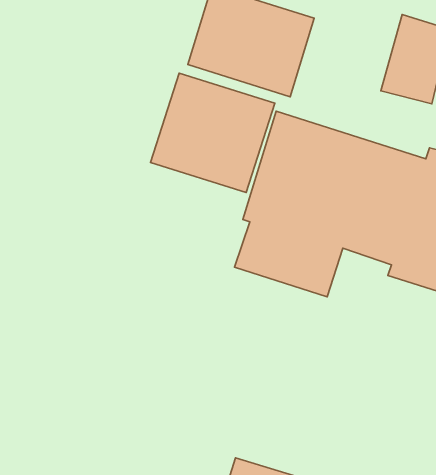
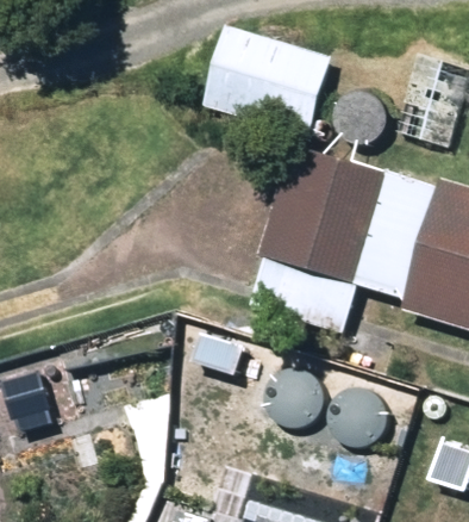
building: [151,73,275,192] -> none

